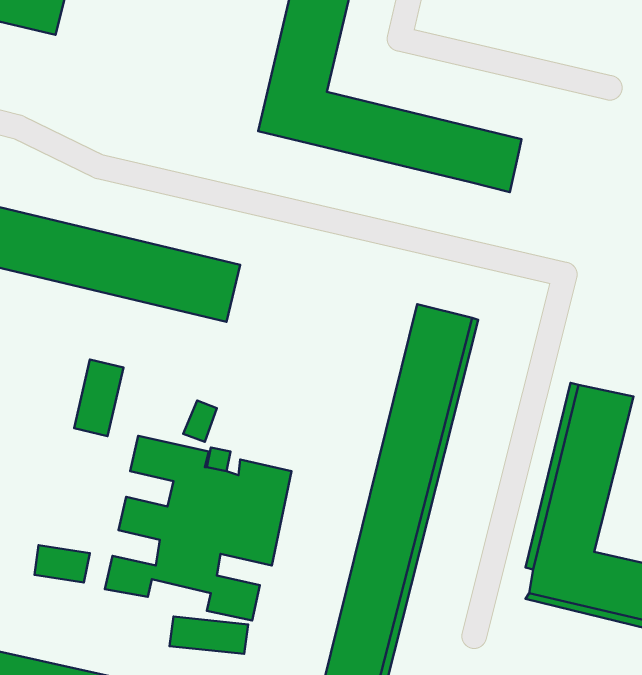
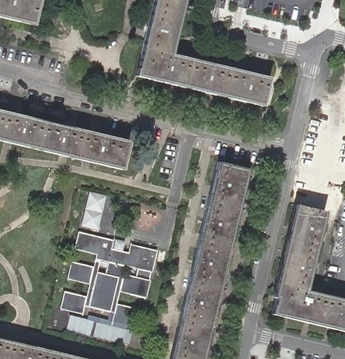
building: [74,360,123,436] -> [81,191,106,230]
building: [35,545,90,583] -> [69,314,97,333]

